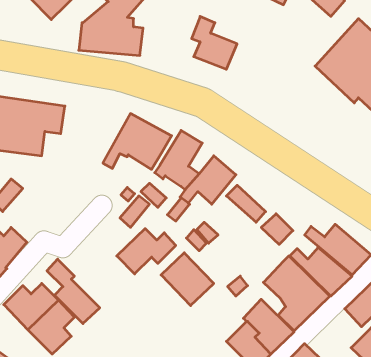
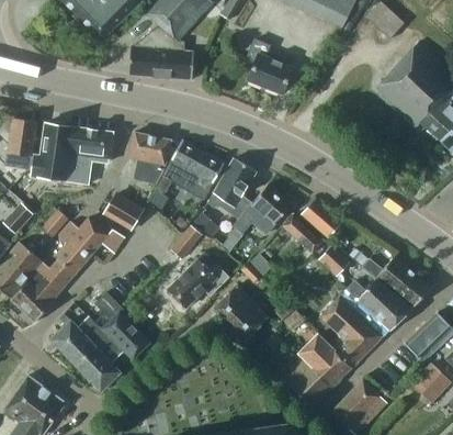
building: none -> [127,133,170,185]
building: none -> [102,192,144,233]
building: none -> [299,199,341,238]
building: none -> [54,219,124,275]

